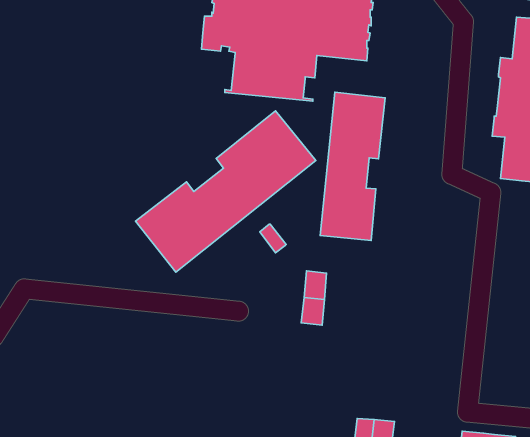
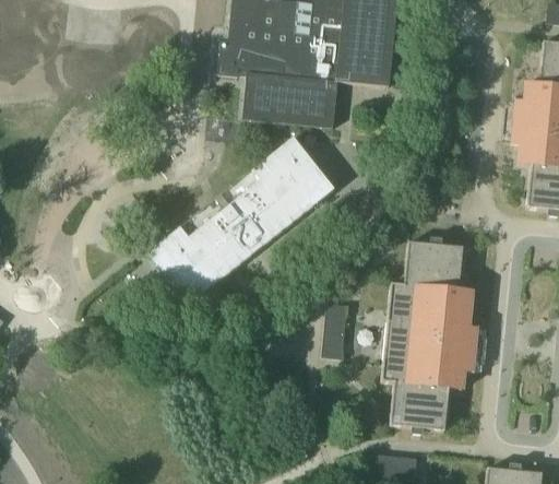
building: [320,92,385,241] -> none
building: none -> [381,240,472,429]

